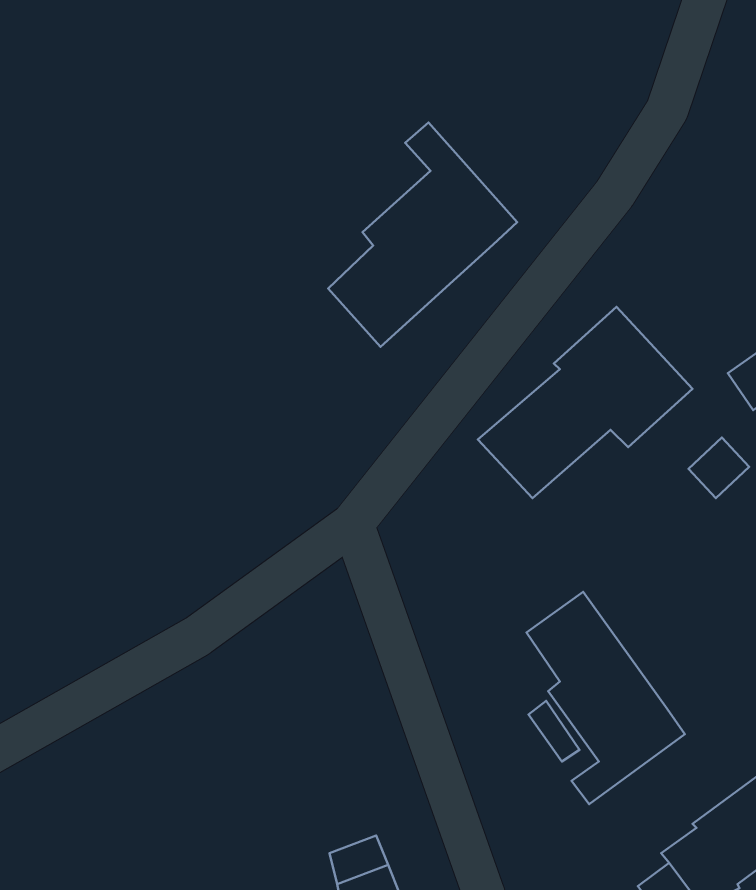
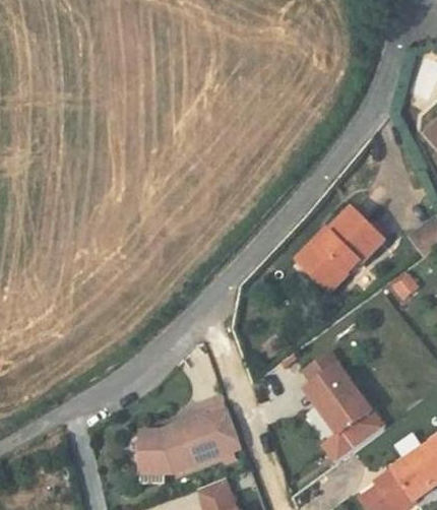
building: [328,123,517,347] -> none
building: none -> [133,407,237,479]

